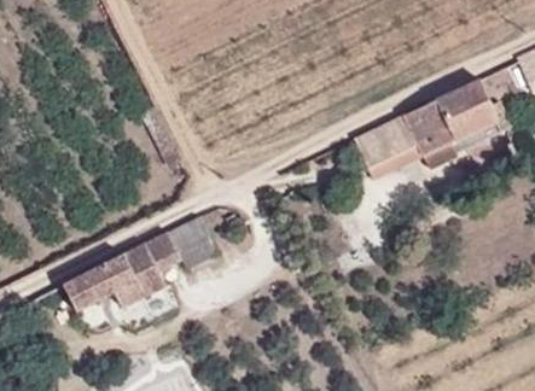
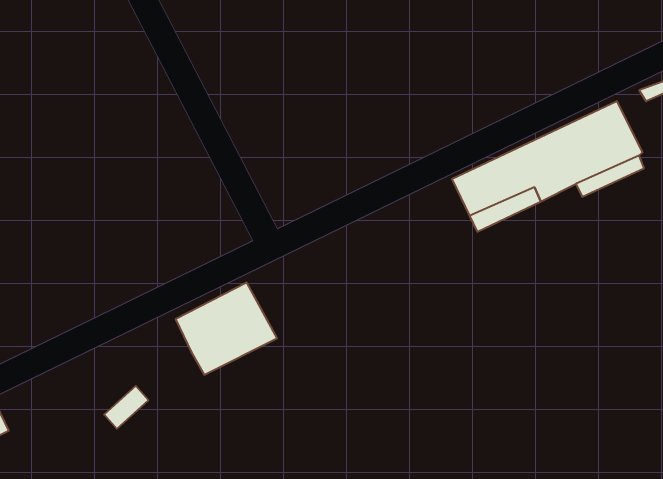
building: [63,245,155,309] -> none

